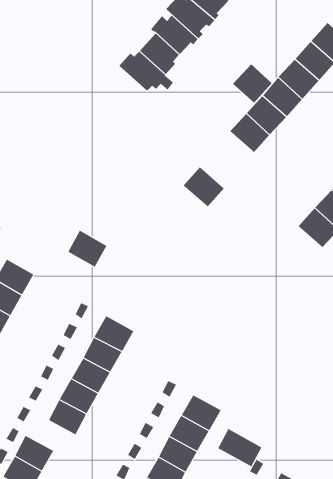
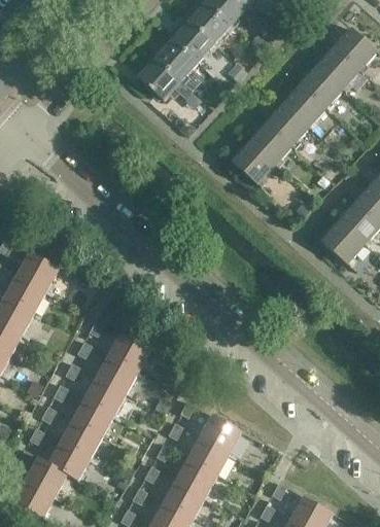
building: [232,63,272,104] -> none
building: [183,167,225,207] -> [232,141,275,183]
building: [67,230,107,268] -> [18,251,59,290]
building: none -> [37,442,90,479]
building: [218,428,262,467] -> none

